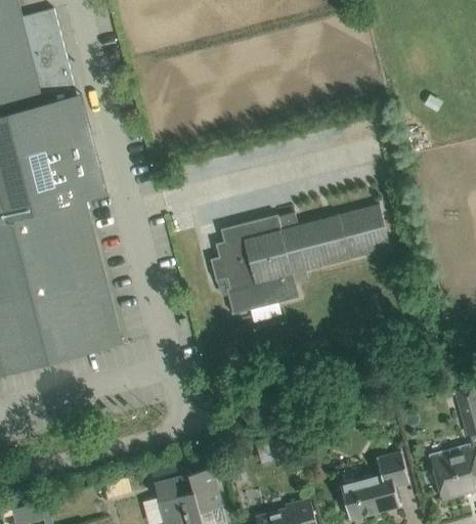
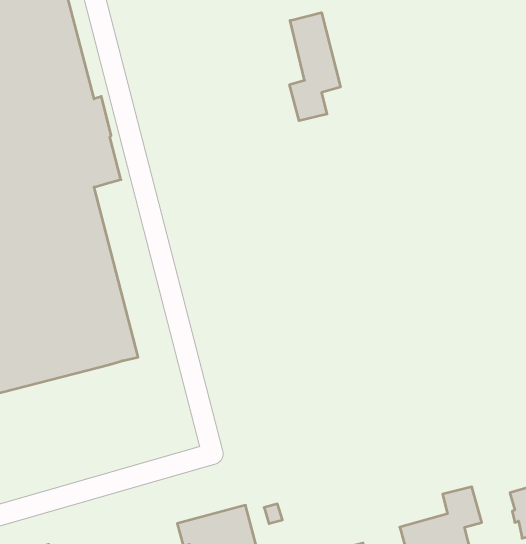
building: none -> [290,13,340,121]
building: [210,204,390,314] -> none

